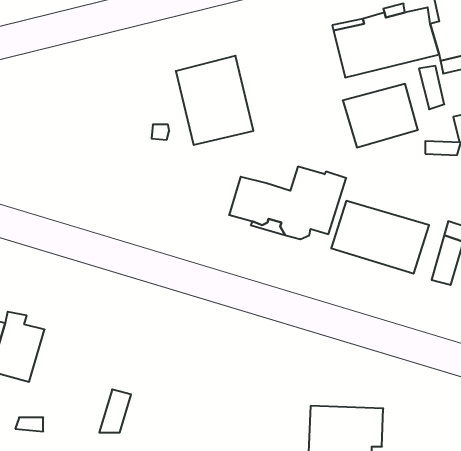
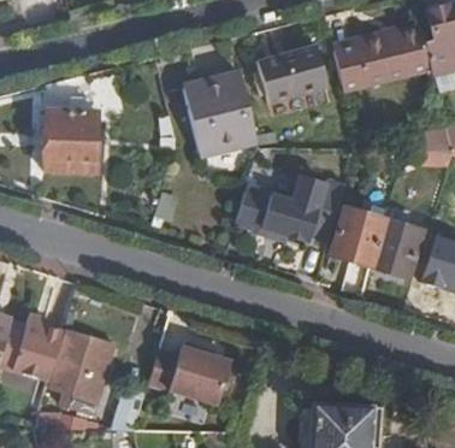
building: [343,84,418,147] -> [258,45,329,105]
building: none -> [47,111,98,172]
building: none -> [49,331,113,413]
building: none -> [146,346,228,402]

